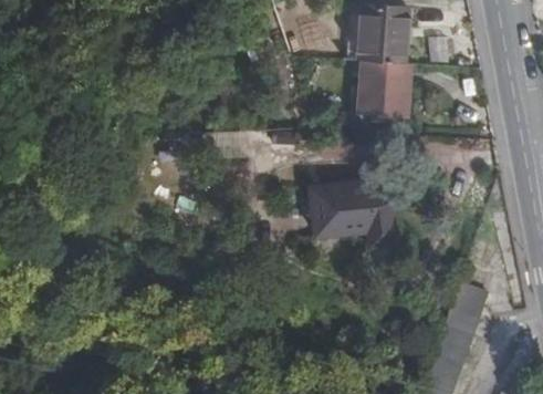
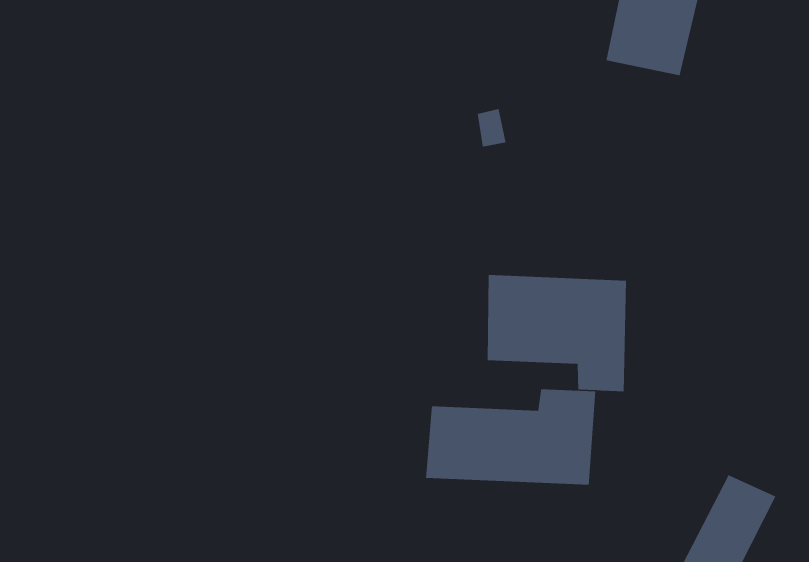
building: [358,62,411,120] -> none
building: none -> [425,389,596,485]

